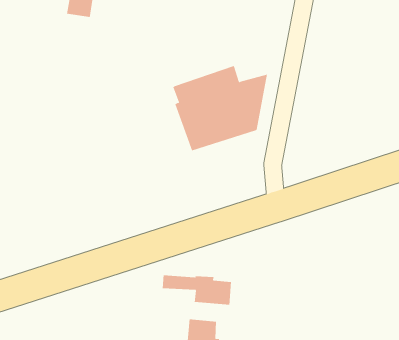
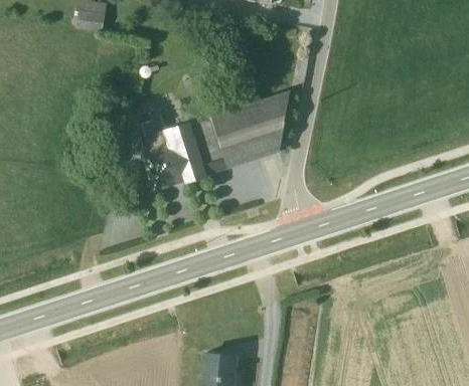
building: none -> [142,122,207,189]
building: [162,275,231,305] -> none

